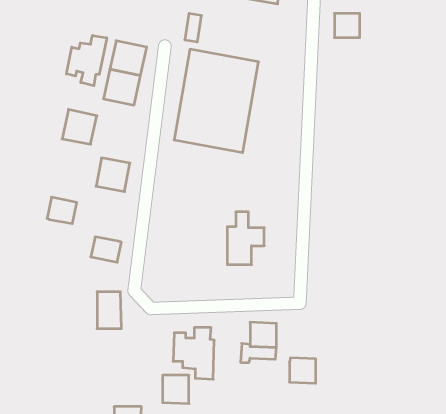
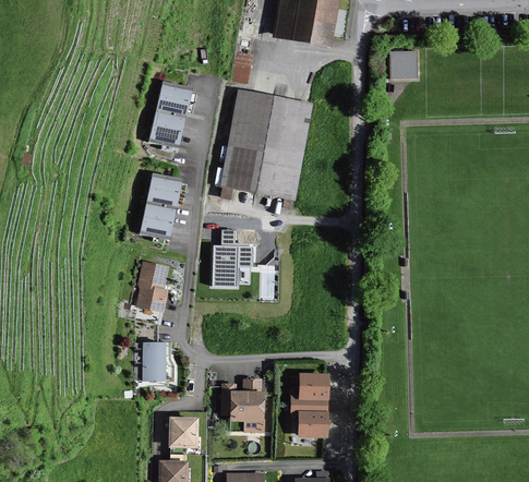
building: [66,35,107,86] -> none
building: [62,109,97,144] -> [146,172,182,208]
building: [47,197,77,224] -> [137,262,168,289]
building: [227,212,264,265] -> [212,231,250,286]
building: [289,358,316,383] -> [299,410,326,436]
building: [163,375,189,404] -> [170,417,197,446]

